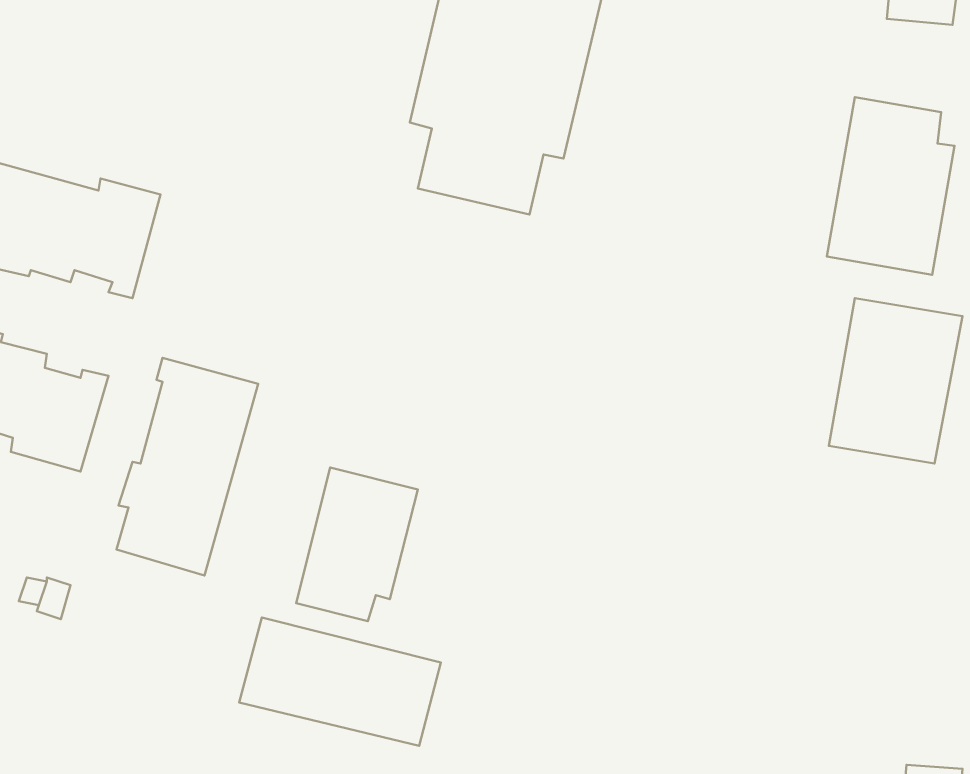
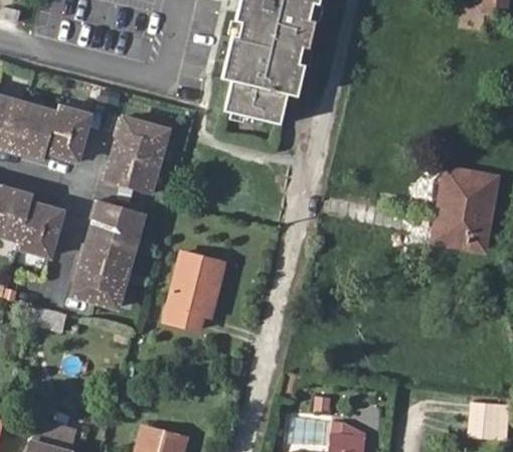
building: [827,97,954,275] -> none
building: none -> [103,117,167,191]
building: [239,618,441,746] -> none

